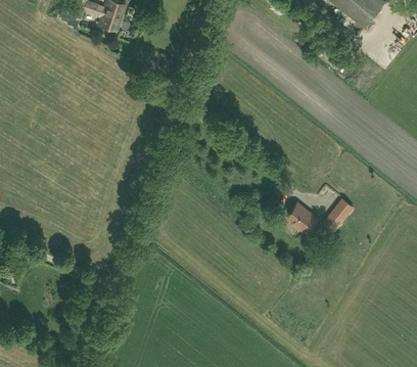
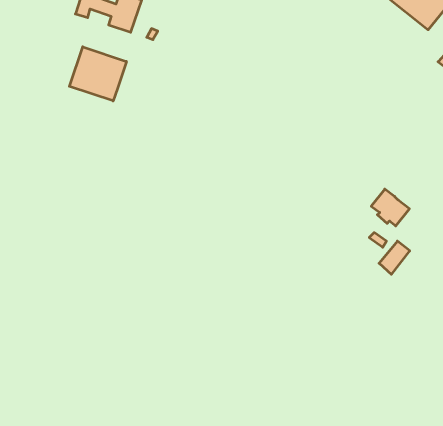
building: none -> [69,47,126,101]
building: [286,202,318,233] -> [371,189,409,226]

